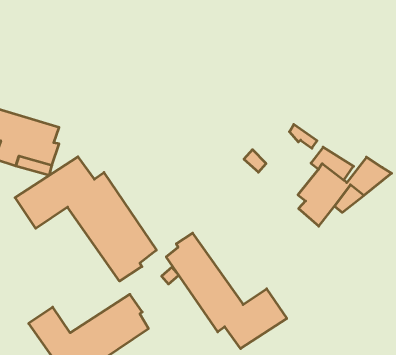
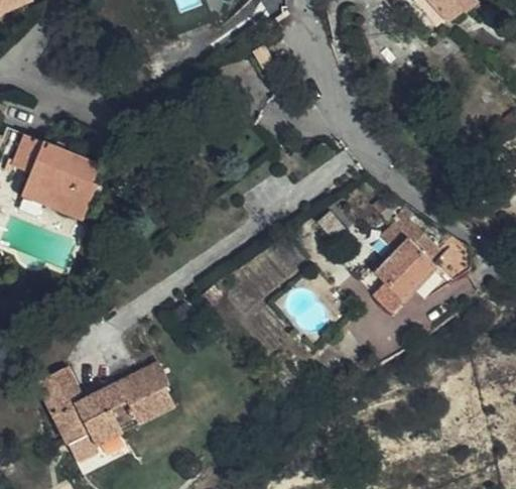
building: [15,157,156,281] -> none
building: [166,233,287,349] -> none

